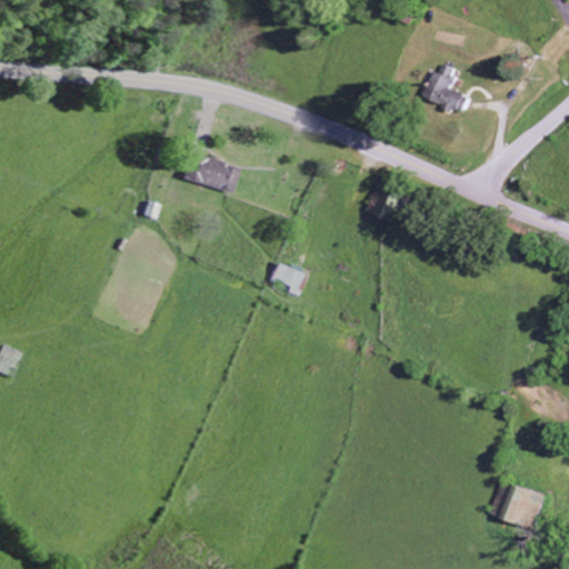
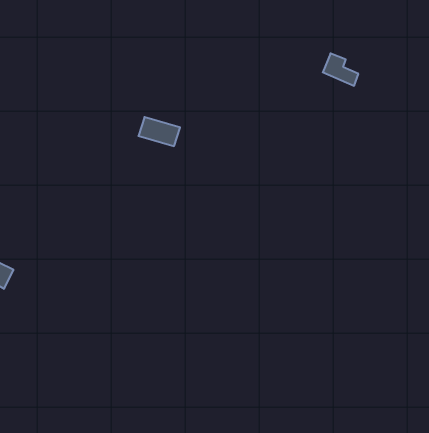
building: [269,262,305,295] -> none
building: [503,482,543,526] -> none

